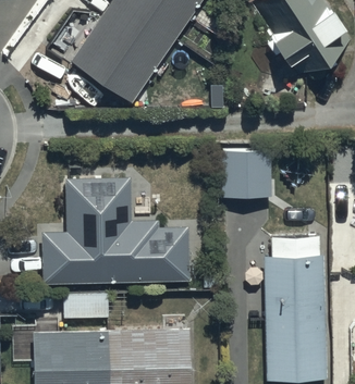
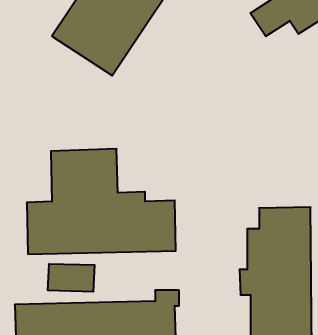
building: [222,148,271,198] -> none

